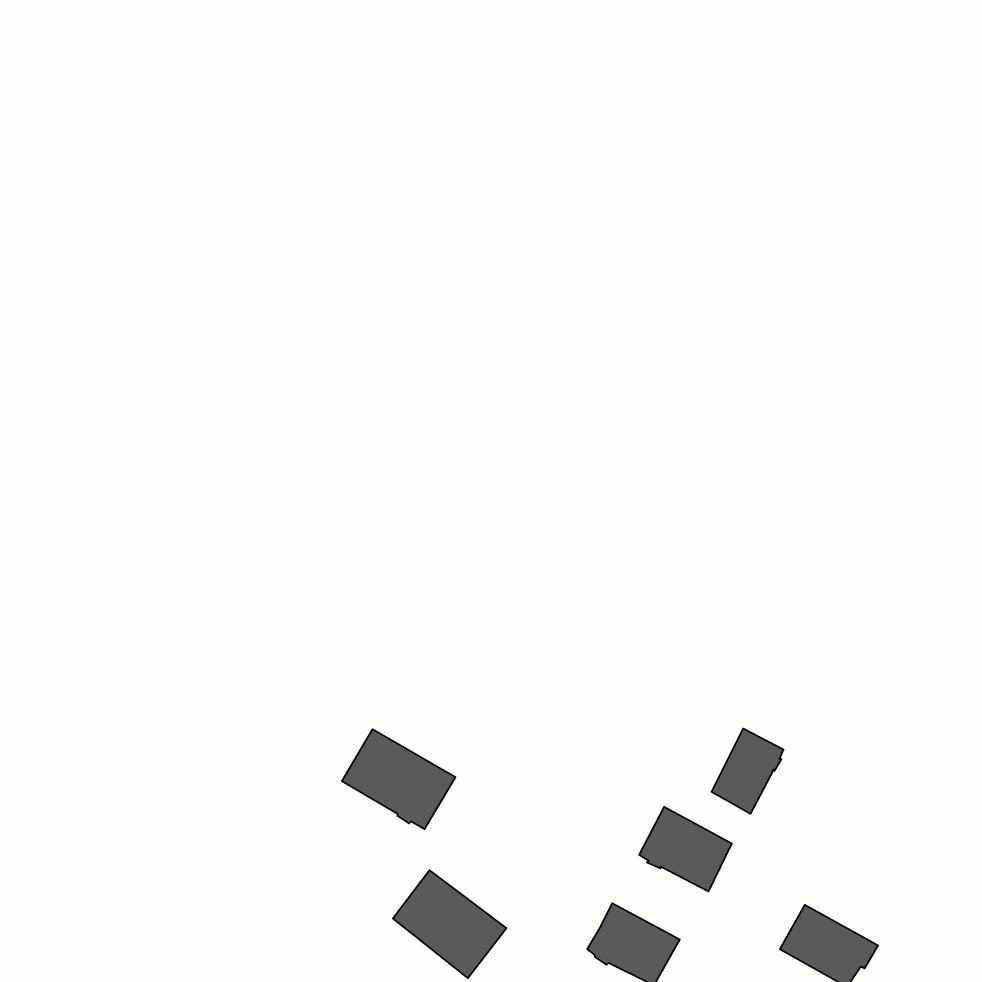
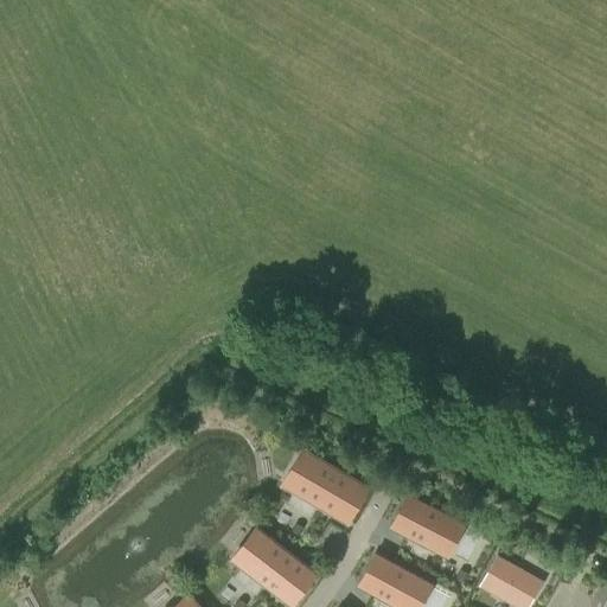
building: [711,728,784,814] -> none
building: [342,729,455,829] -> [294,459,364,520]

